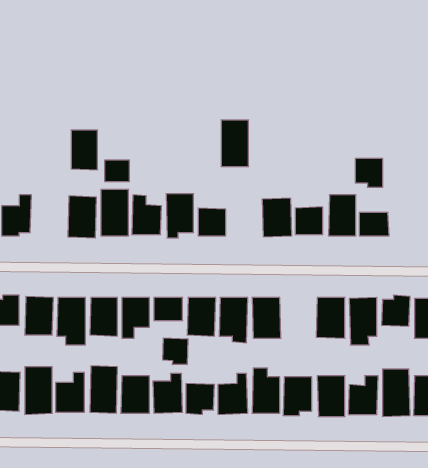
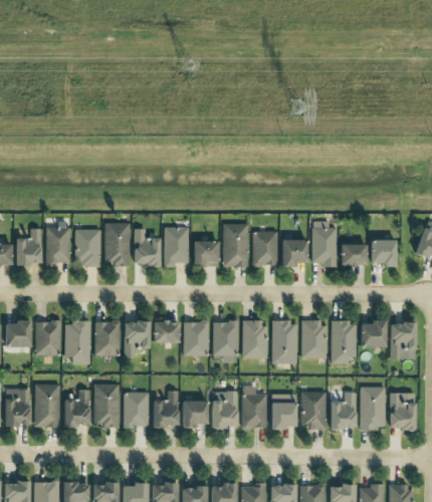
building: [221,120,249,166] -> [223,224,248,266]
building: [71,130,98,170] -> [46,228,70,264]
building: [355,159,383,187] -> [371,240,396,266]
building: [105,160,129,182] -> none
building: none -> [271,321,297,363]
building: [163,338,188,365] -> none

